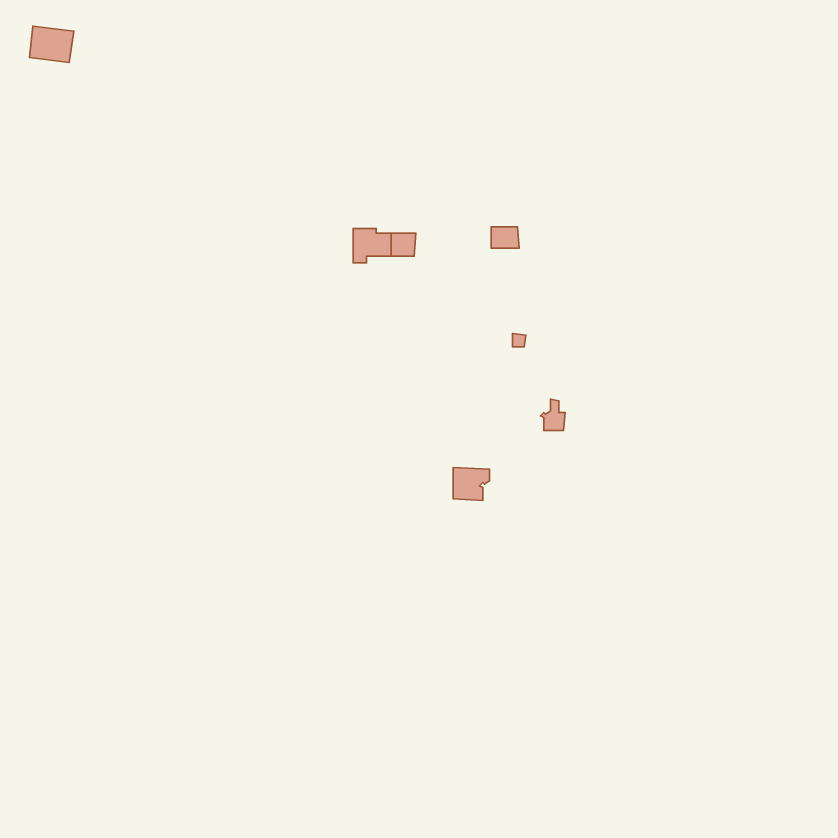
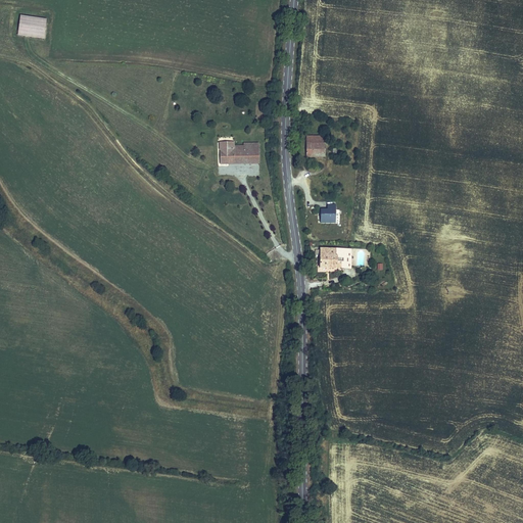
building: [453,468,489,500] -> [321,247,343,268]

